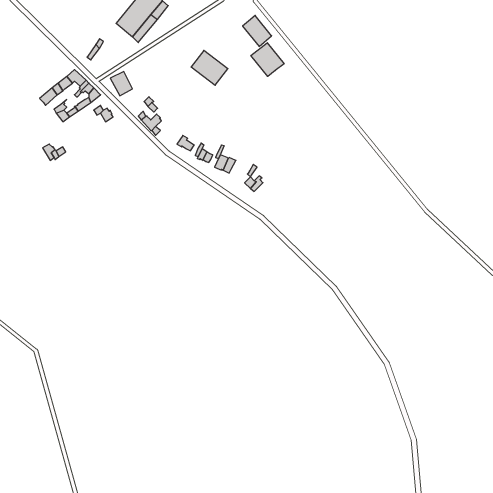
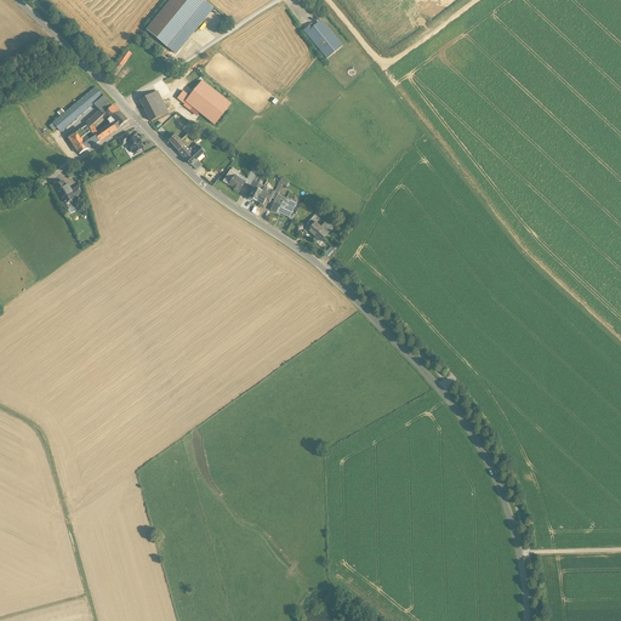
building: [251,43,284,76] -> none
building: [191,50,228,85] -> [184,81,230,125]

